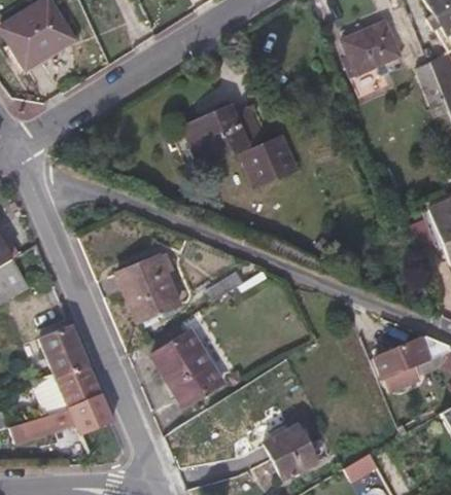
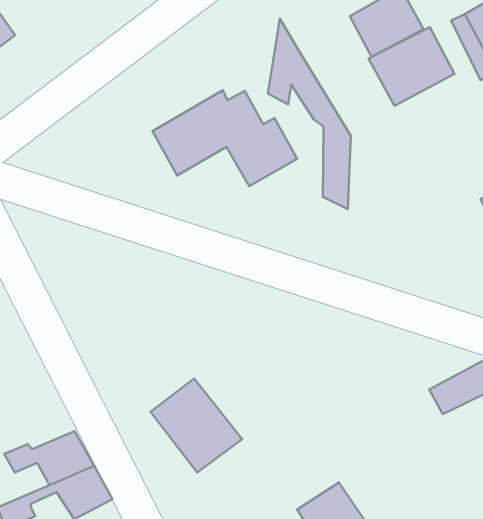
building: none -> [268,19,351,209]
building: none -> [368,27,455,106]
building: [115,254,178,320] -> none
building: [37,324,90,376] -> none

